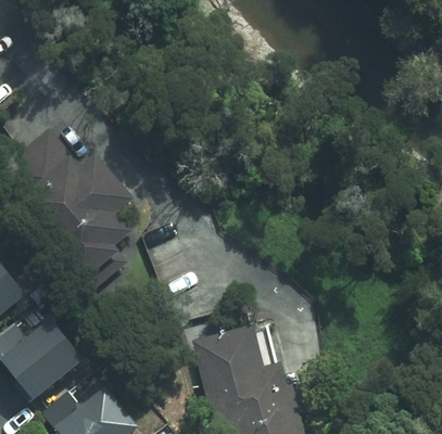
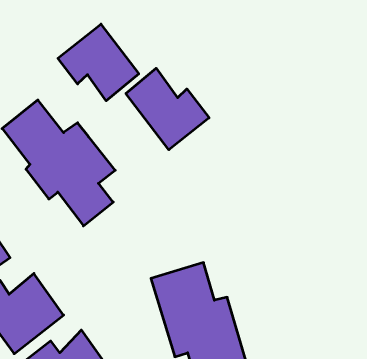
building: none -> [58,24,139,101]
building: none -> [126,68,209,150]

